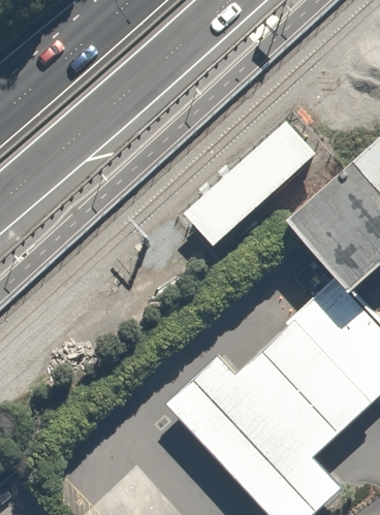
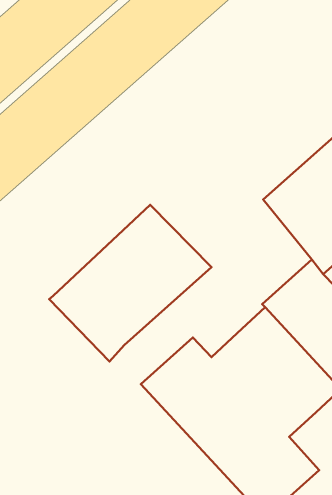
building: [185,121,315,246] -> none
building: none -> [49,205,211,361]

